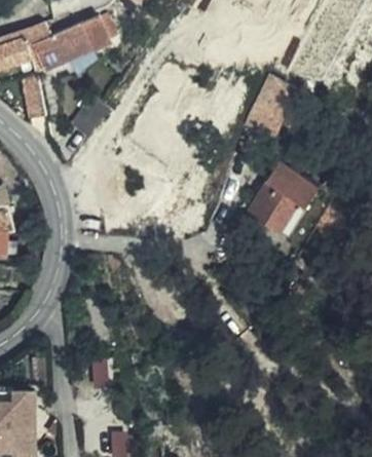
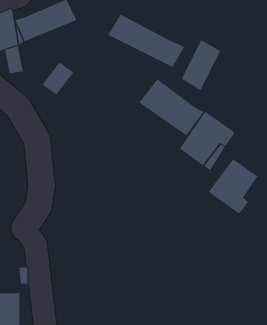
building: none -> [108,14,185,68]
building: none -> [139,79,204,136]
building: none -> [208,158,258,215]

